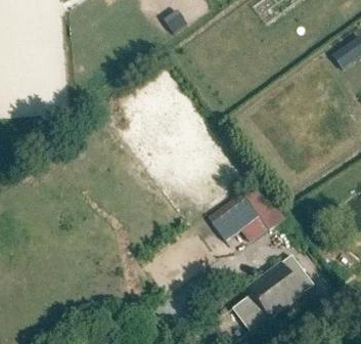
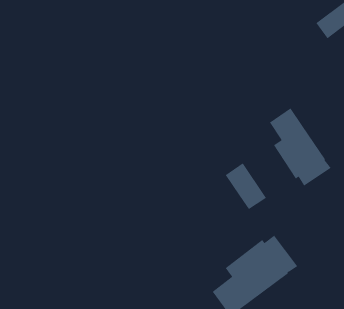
building: none -> [269,108,331,186]
building: [212,199,259,241] -> none

